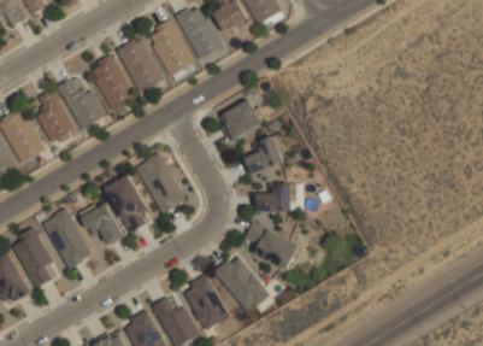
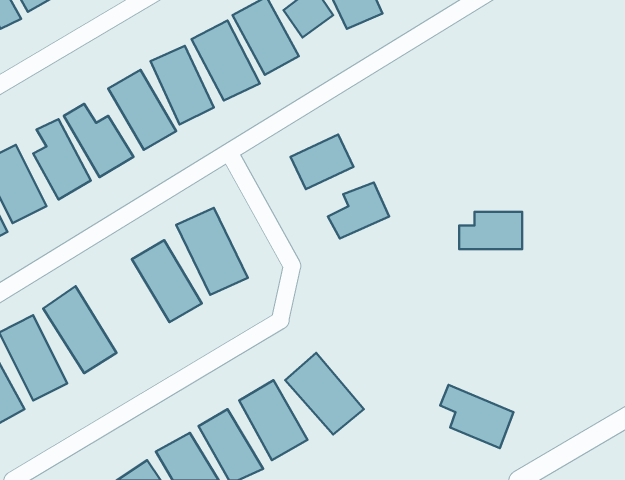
building: [257,183,301,210] -> [459,212,522,249]
building: [81,204,124,246] -> none
building: [246,223,298,268] -> [440,385,513,448]

